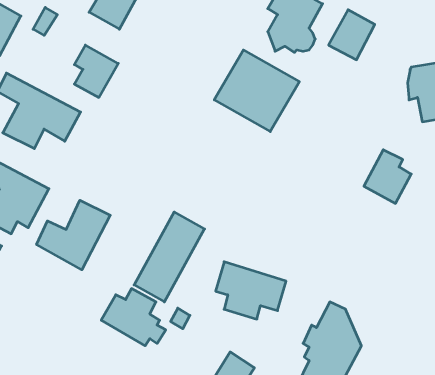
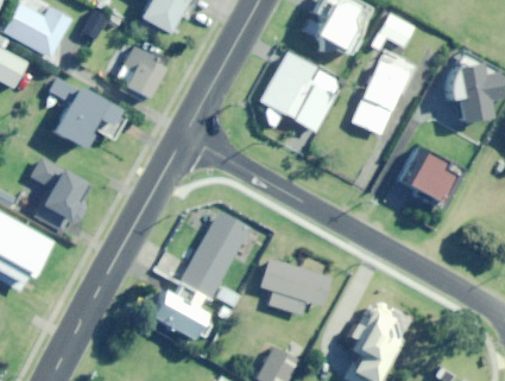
building: none -> [352,59,409,135]
building: [37,200,110,270] -> none

